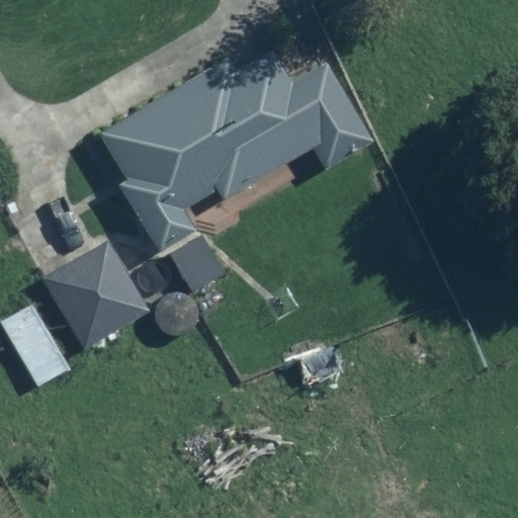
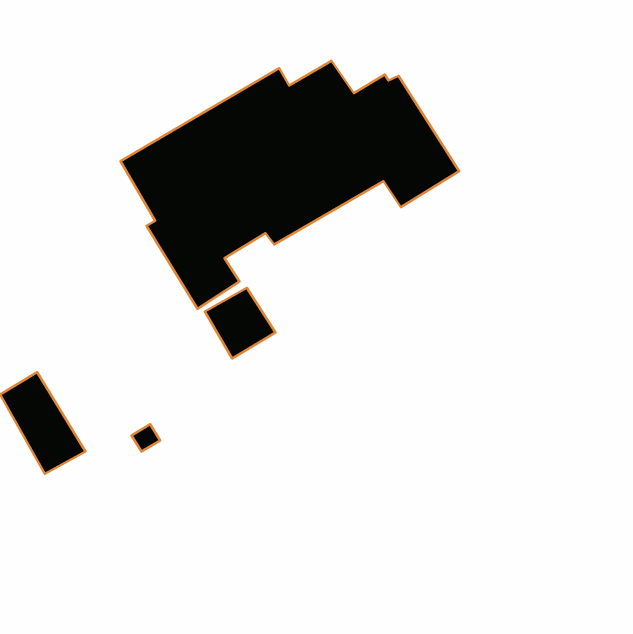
building: [44,241,150,349] -> none

